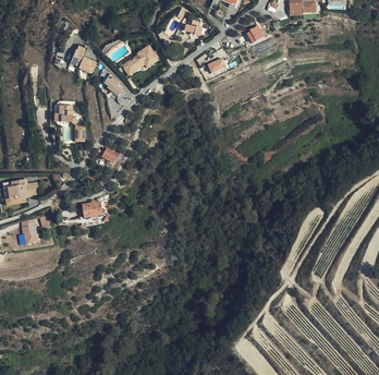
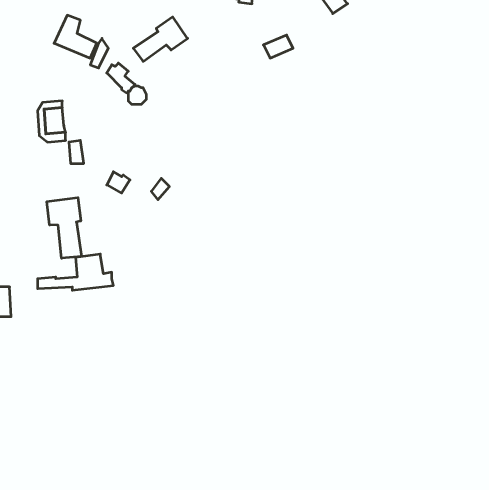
building: none -> [47,198,81,258]

